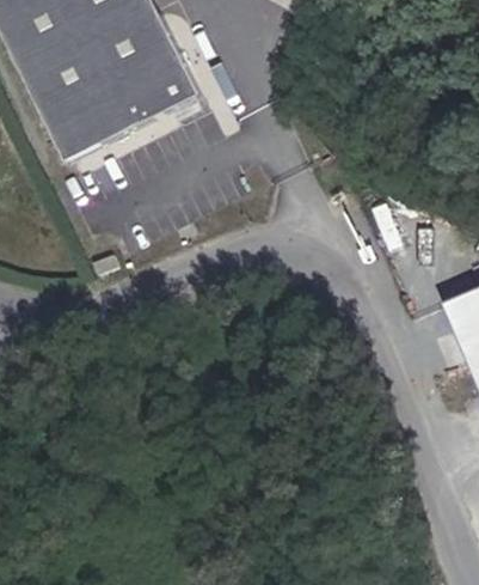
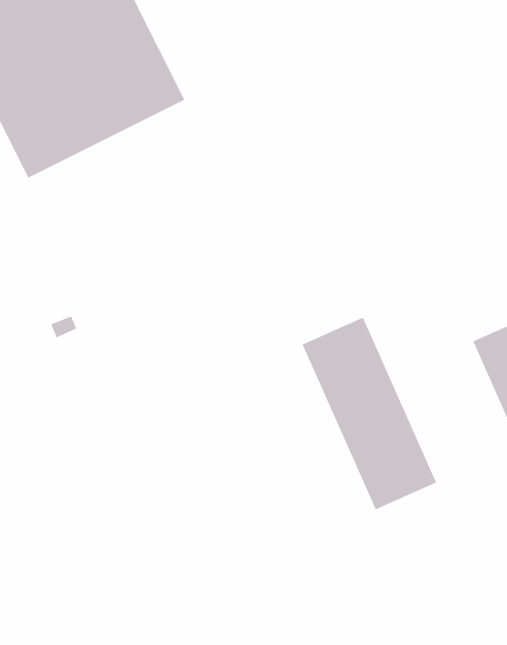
building: none -> [302,317,437,510]

